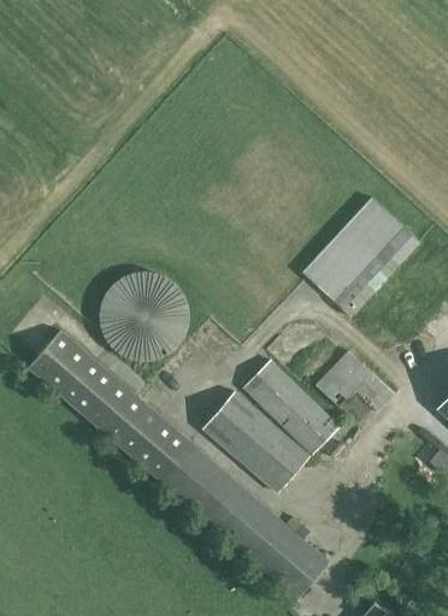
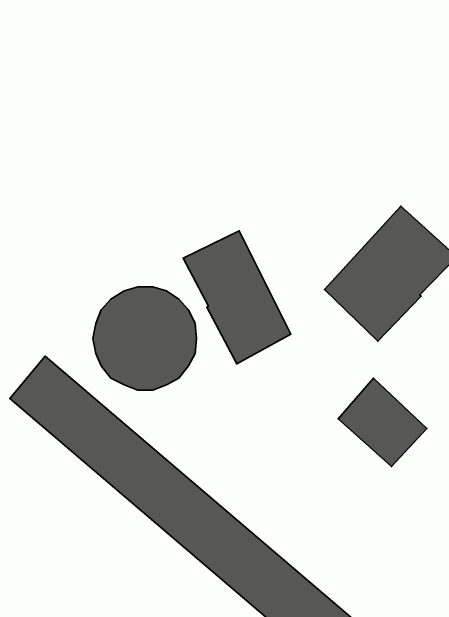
building: none -> [183,231,291,364]
building: [202,359,340,493] -> none

